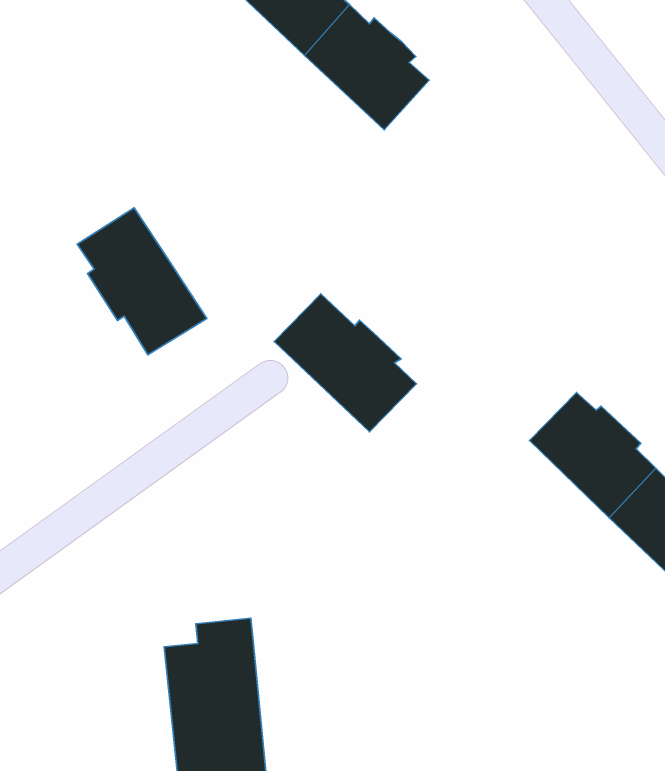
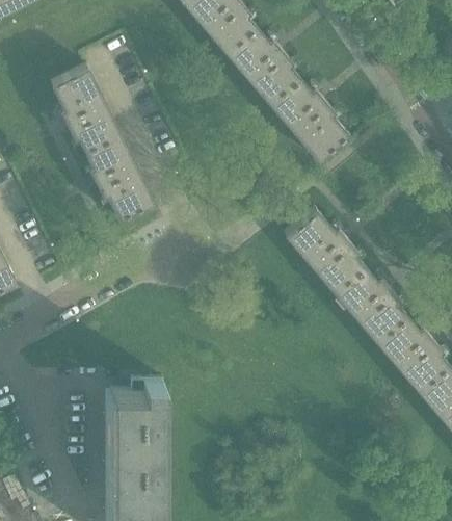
building: none -> [268,76,347,159]
building: none -> [50,66,118,150]
building: [274,294,416,432] -> [284,208,364,291]

